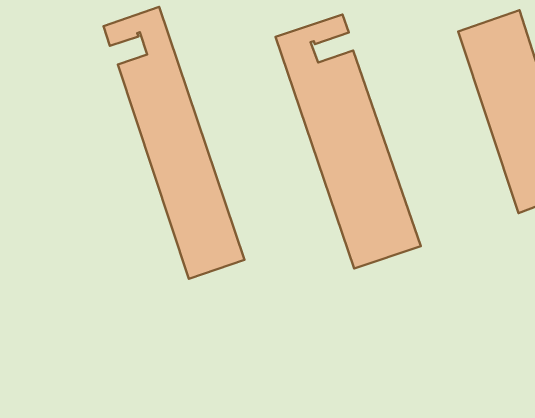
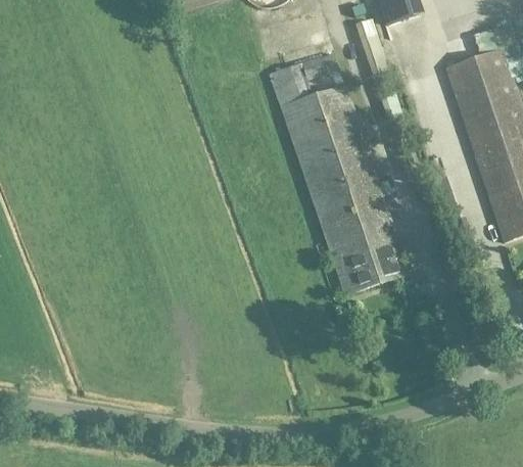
building: [104,7,244,279] -> none

